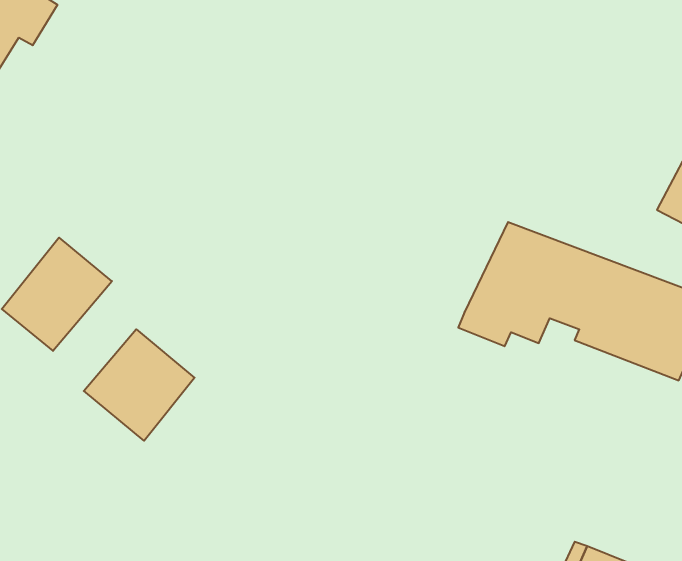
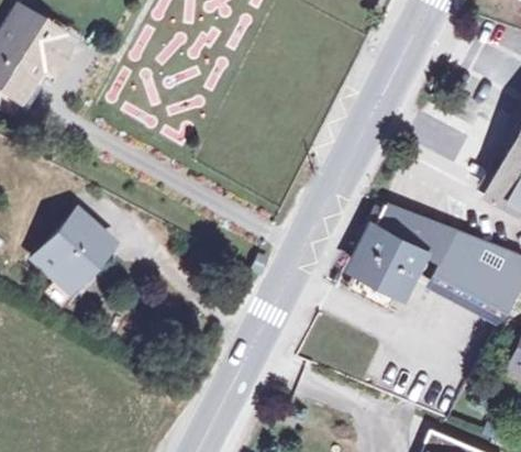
building: [84,329,195,441] -> none

